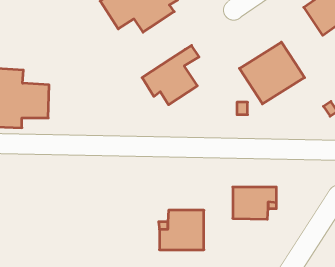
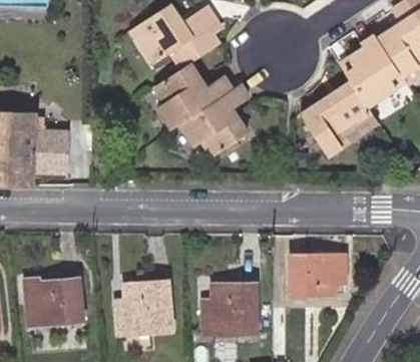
building: none -> [339,37,400,105]
building: none -> [154,61,233,127]
building: none -> [26,279,82,325]
building: none -> [115,281,170,332]

